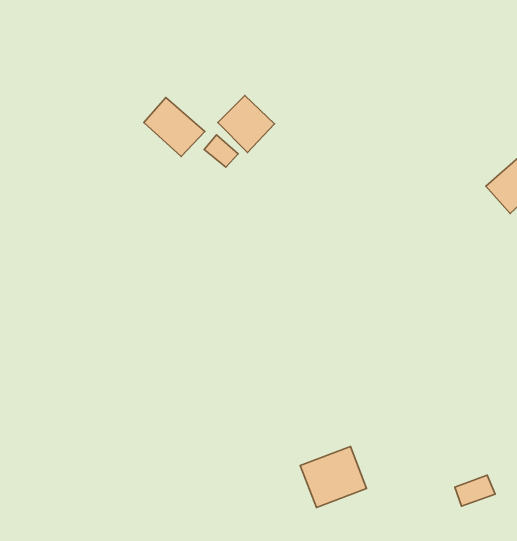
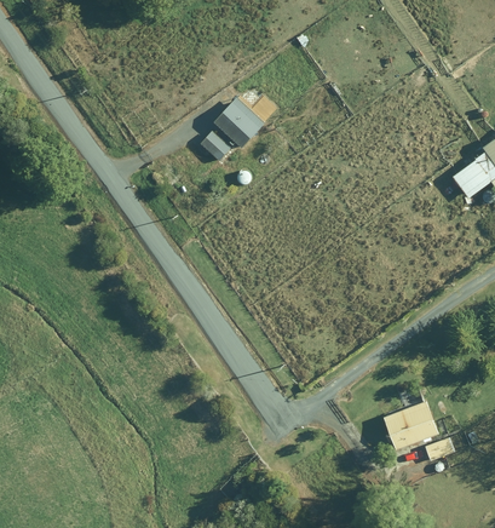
building: [144,97,205,157] -> none
building: [300,446,367,507] -> [380,398,439,453]

